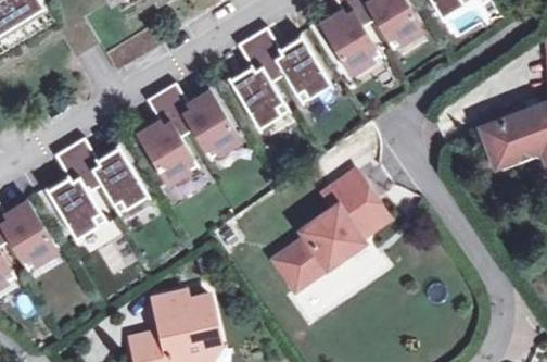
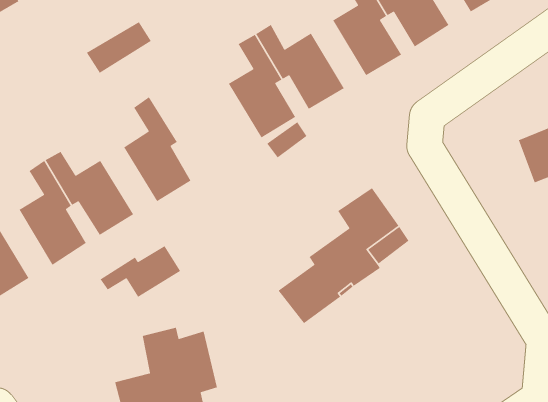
building: [160,83,238,158] -> none
building: none -> [99,245,181,298]

